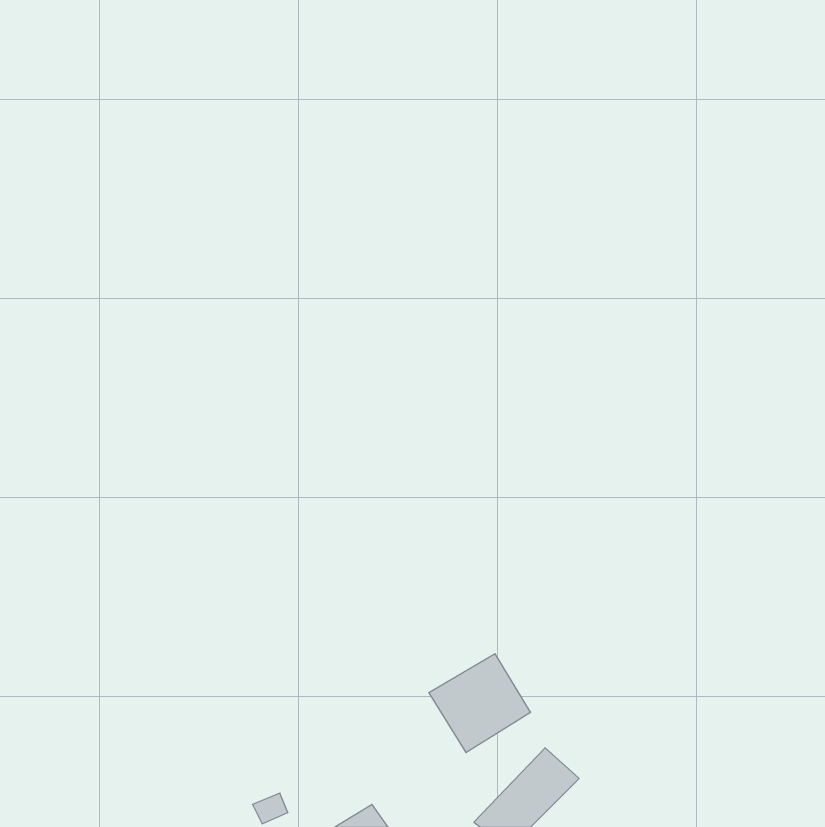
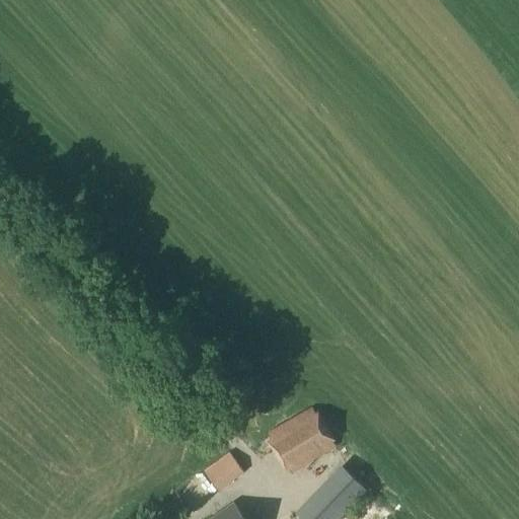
building: none -> [202,452,243,493]

